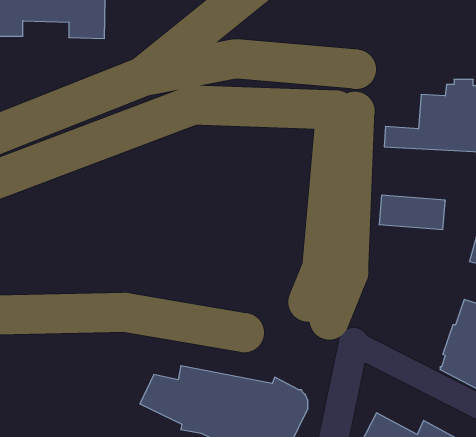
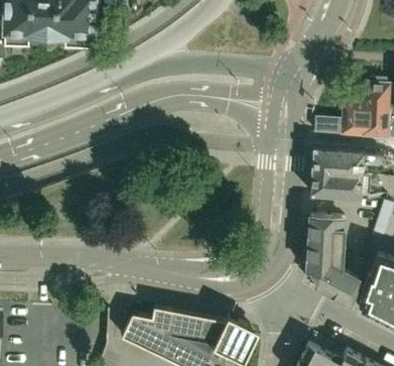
building: none -> [313,148,384,175]
building: none -> [306,216,360,306]

